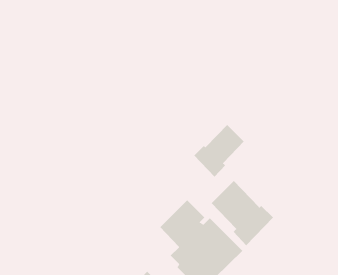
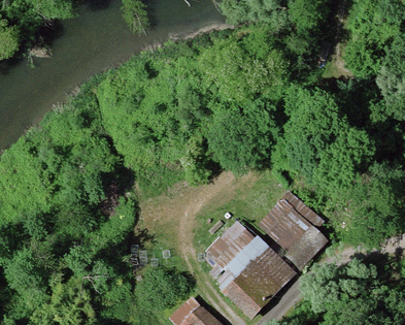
building: [193,124,245,178] -> none

